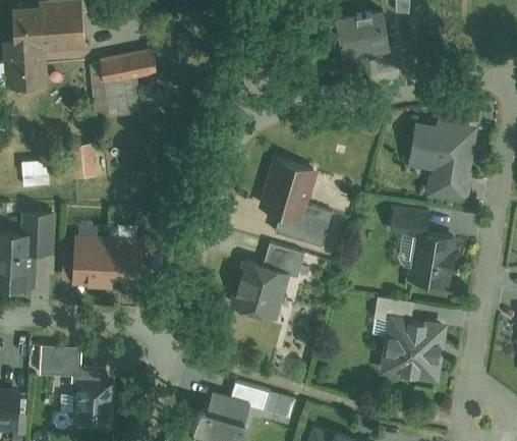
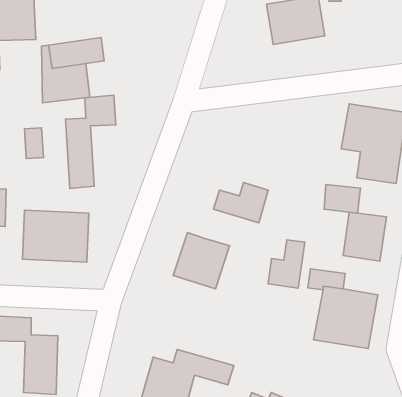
building: none -> [65,95,116,188]
building: [257,157,314,220] -> none
building: [263,244,303,277] -> none
building: none -> [268,240,305,288]

